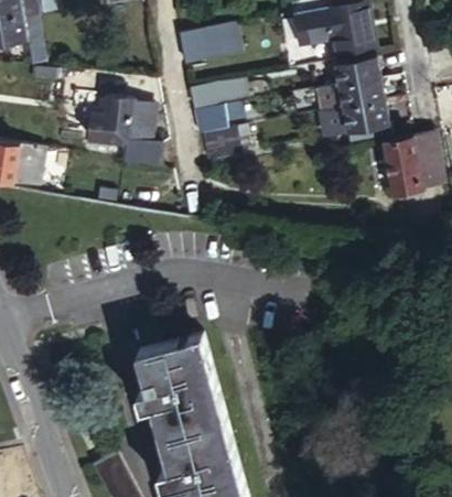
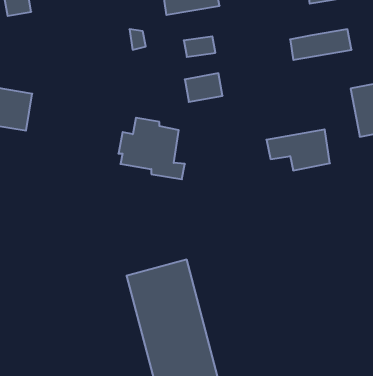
building: [333,54,377,85] -> none
building: [84,100,155,166] -> [118,118,185,179]
building: [319,100,387,144] -> [266,129,330,170]

